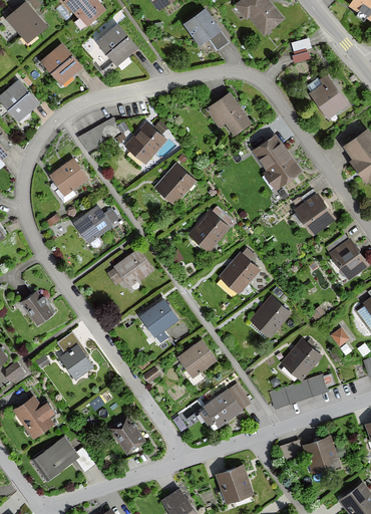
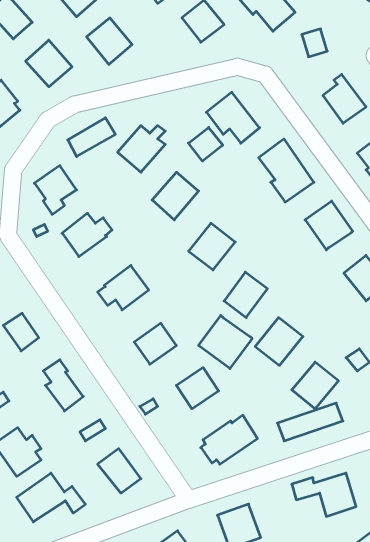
building: none -> [188,127,223,161]
building: none -> [199,315,252,369]

